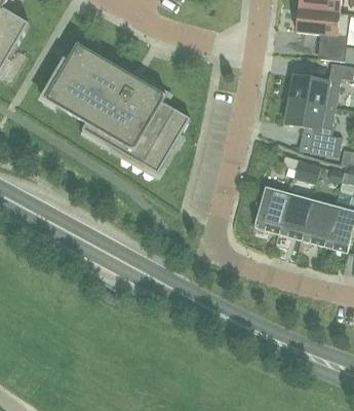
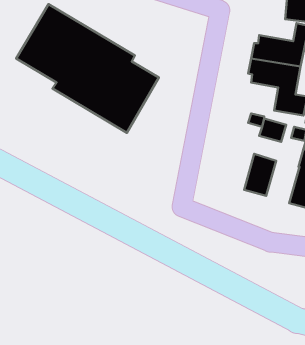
building: [253,182,289,232] -> none
building: [300,202,333,246] -> none

